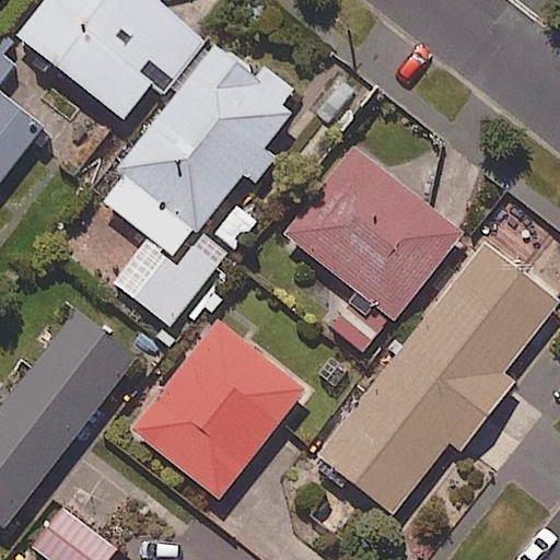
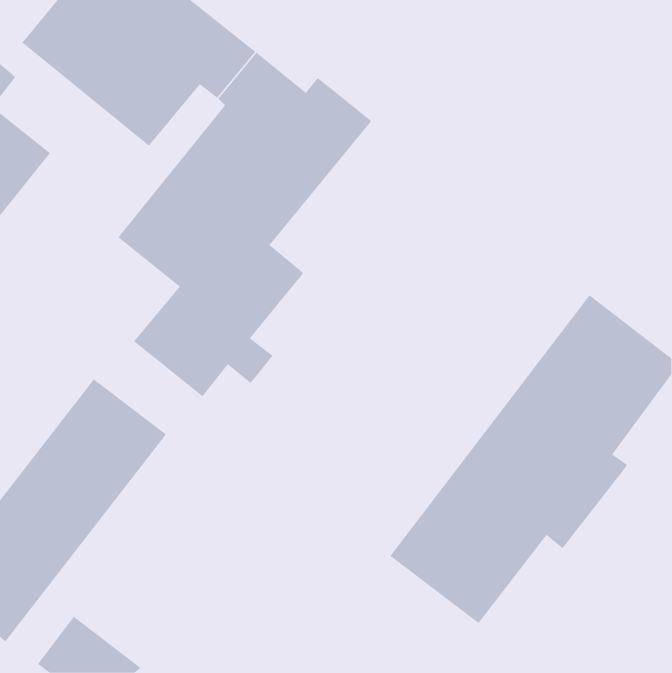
building: [285,147,463,353] -> none
building: [131,319,324,498] -> none

